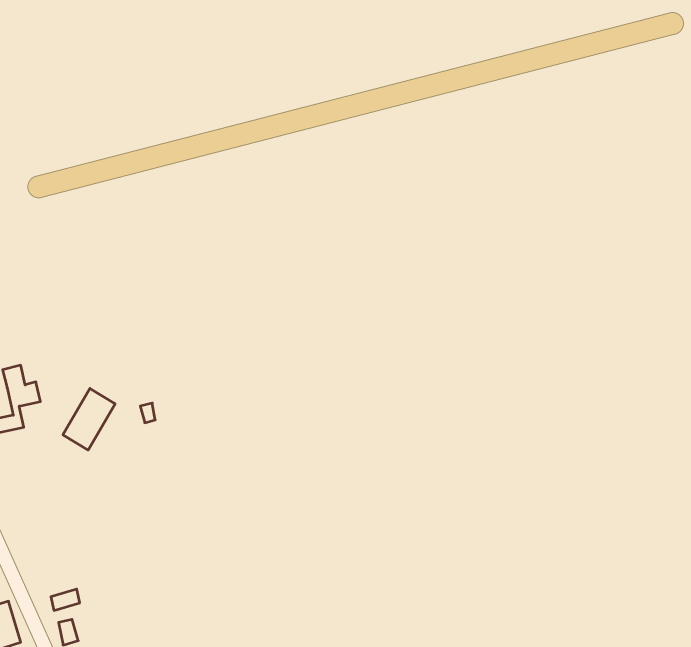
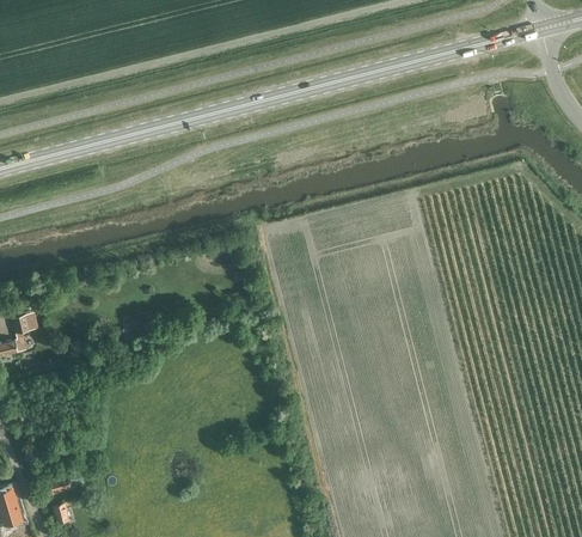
building: [63,388,115,450] -> none

